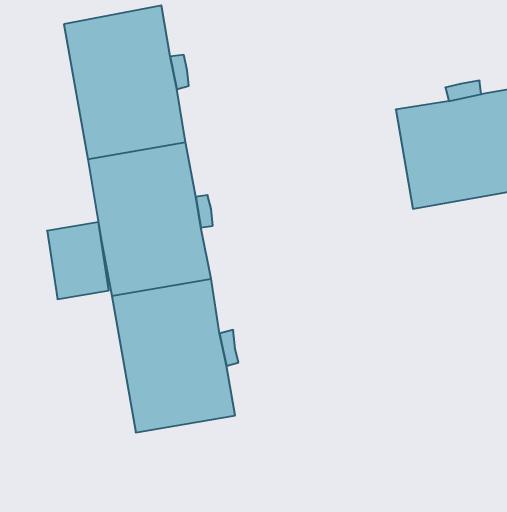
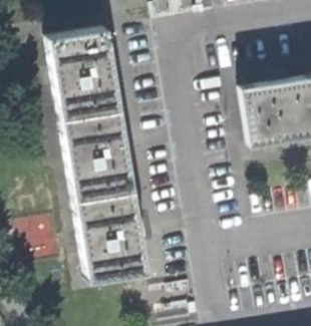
building: [47,222,109,299] -> [23,216,59,261]

